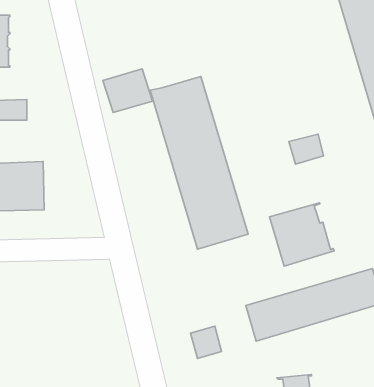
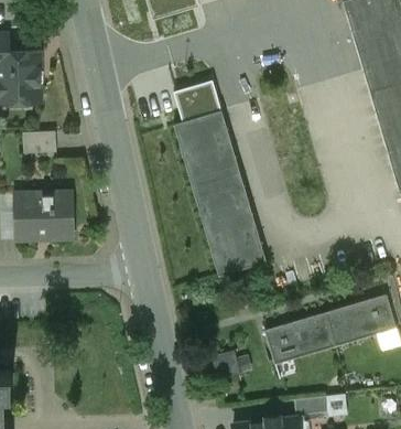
building: [103,69,152,113] -> [174,79,221,121]
building: [289,134,323,164] -> none
building: [270,203,334,266] -> none

